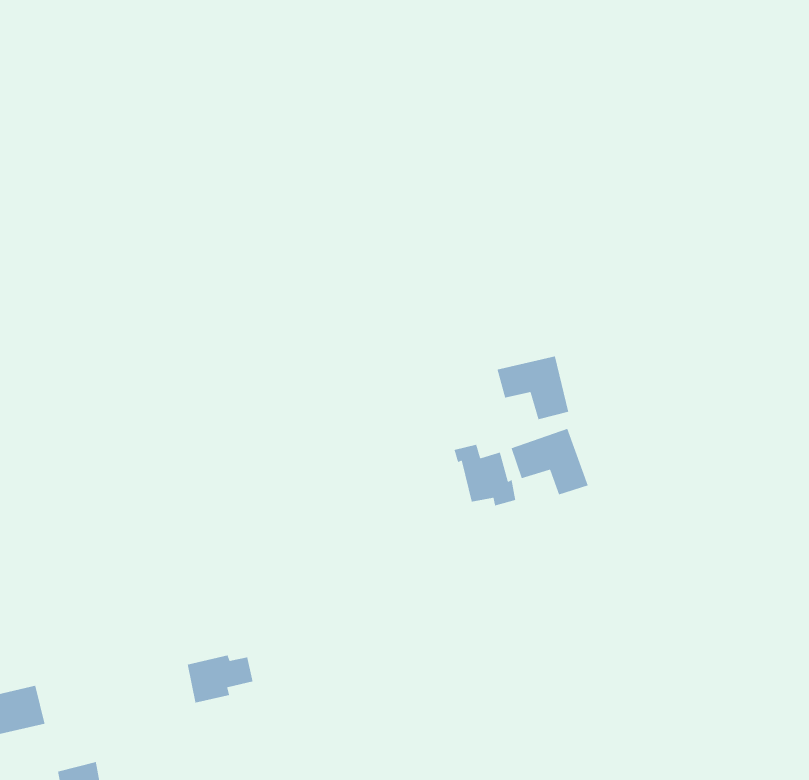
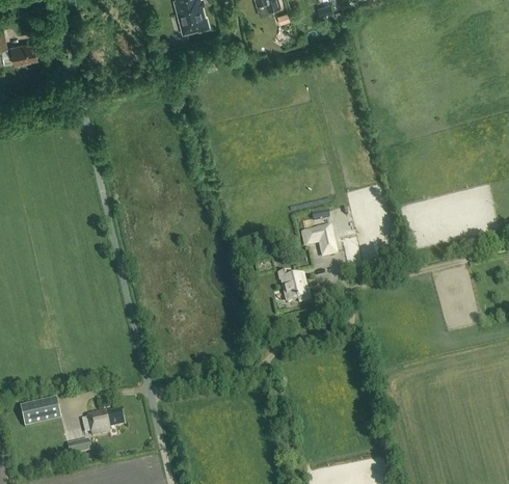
building: [510,428,589,496] -> none
building: [187,654,254,703] -> [87,409,123,435]

